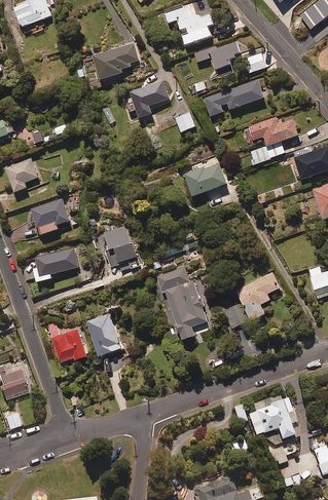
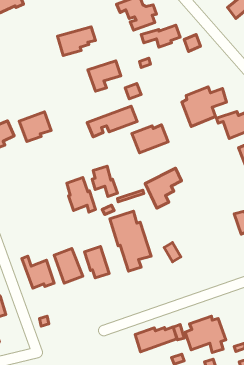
building: [203,79,263,116] -> [87,106,137,137]
building: [32,197,71,233] -> [19,112,51,142]
building: none -> [92,166,117,196]
building: [32,246,79,280] -> none
building: [234,271,279,319] -> [145,168,181,208]
building: none -> [84,247,109,278]
building: none -> [135,327,177,352]

